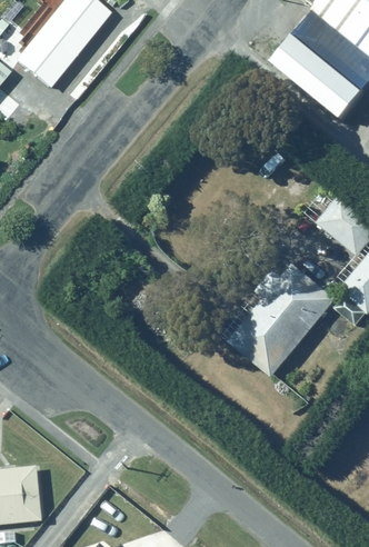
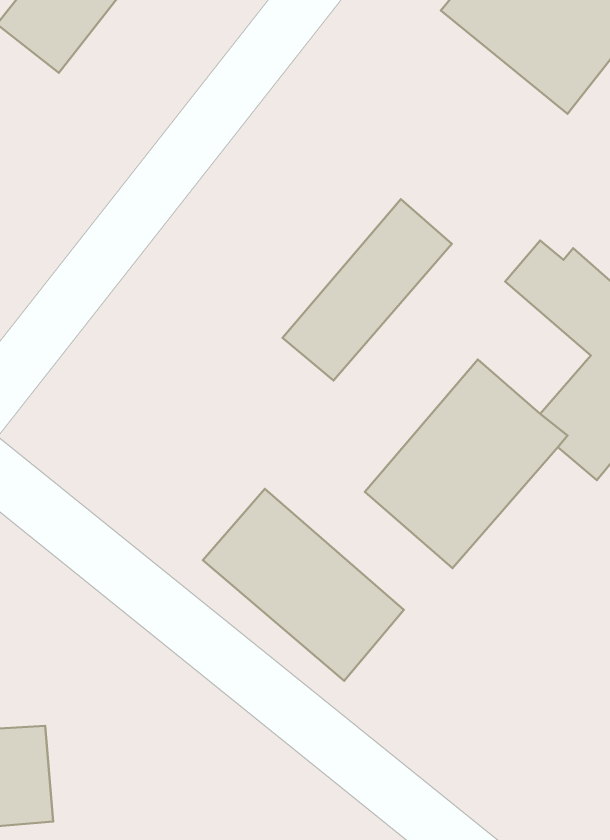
building: none -> [283,199,452,381]
building: none -> [203,489,404,681]

